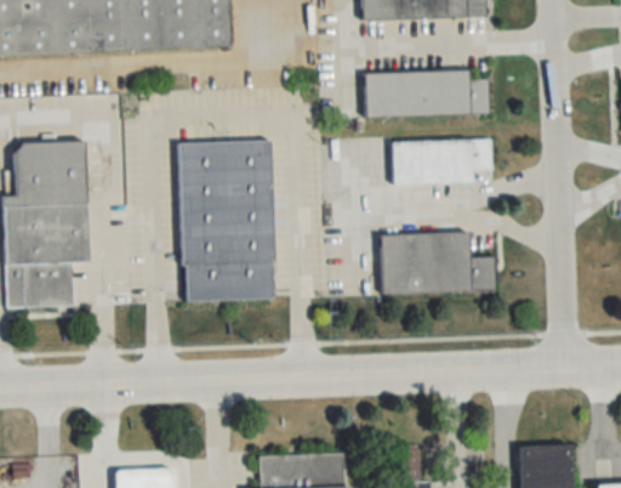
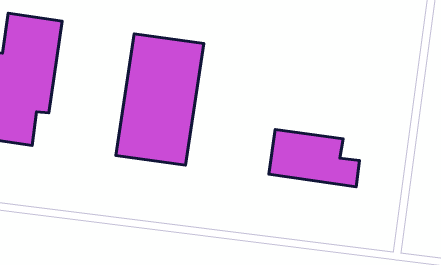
building: [364,70,489,118] -> none
building: [392,140,490,183] -> none

